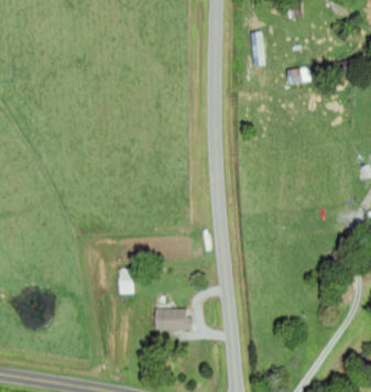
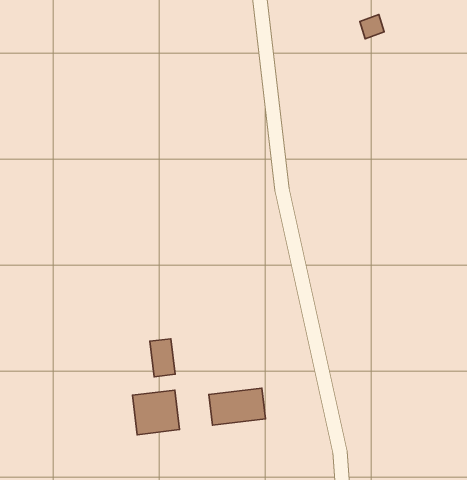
building: none -> [132,390,179,435]

